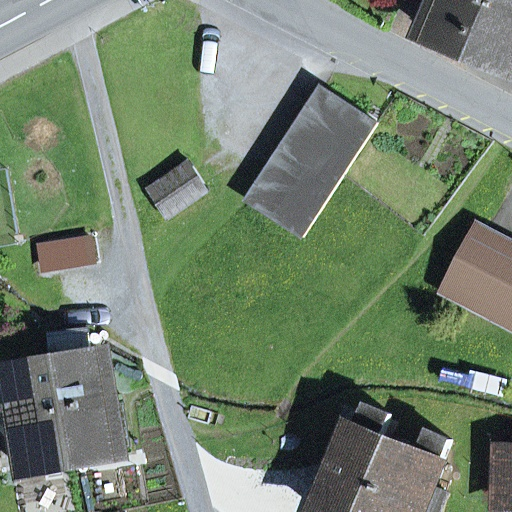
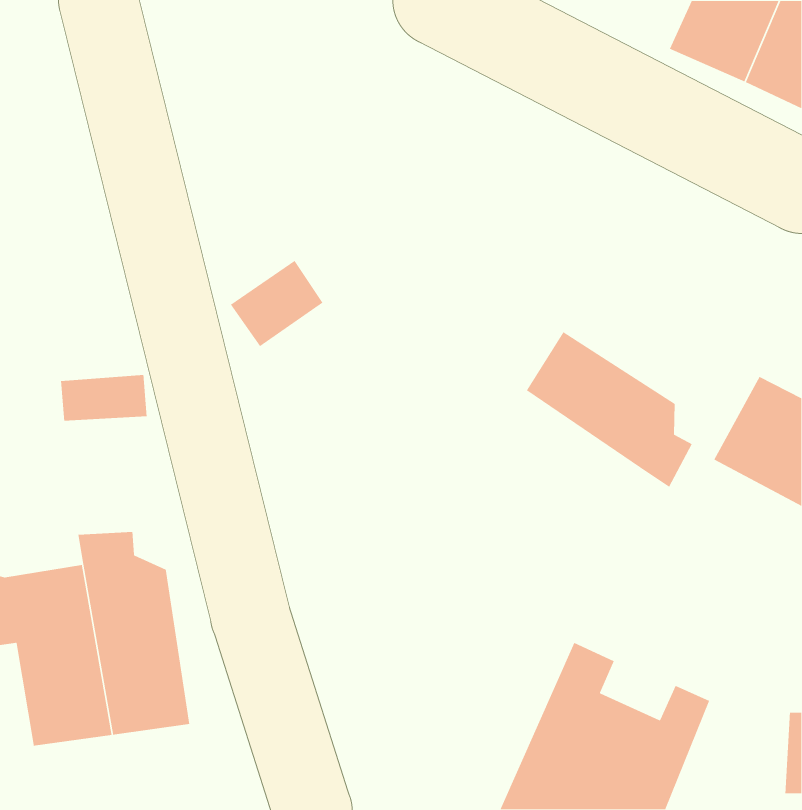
building: [246,90,374,239] -> none
building: none -> [526,331,693,488]

